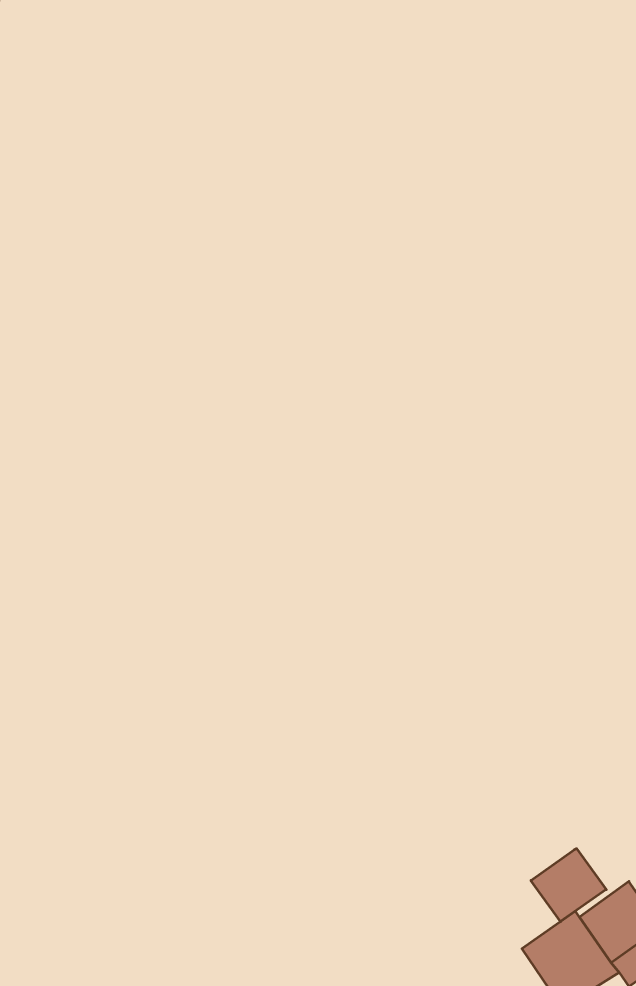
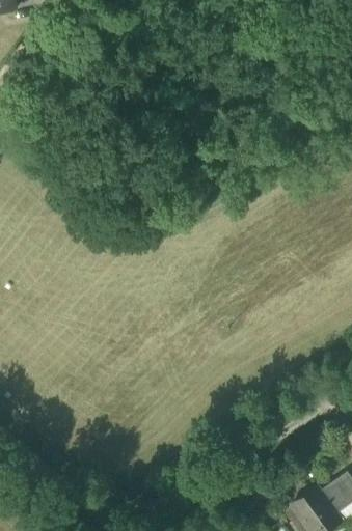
building: [531,849,606,922] -> none

